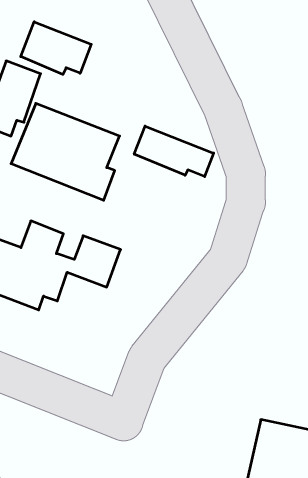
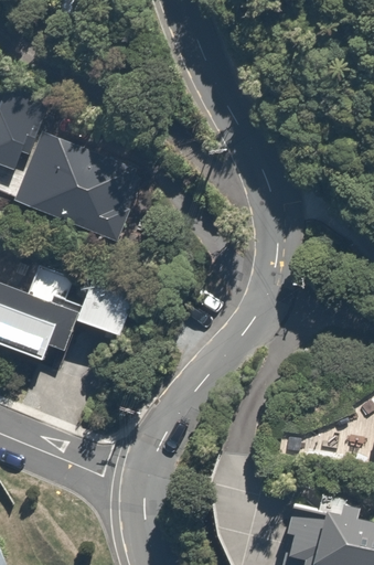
building: [21,22,91,74] -> none
building: [134,126,214,177] -> none

